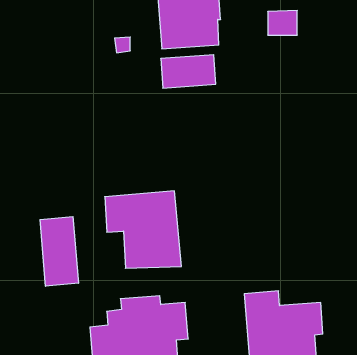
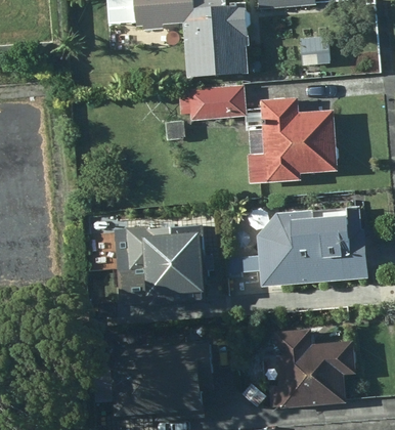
building: none -> [244,99,333,183]
building: none -> [257,206,367,285]
building: [40,217,78,286] -> none

